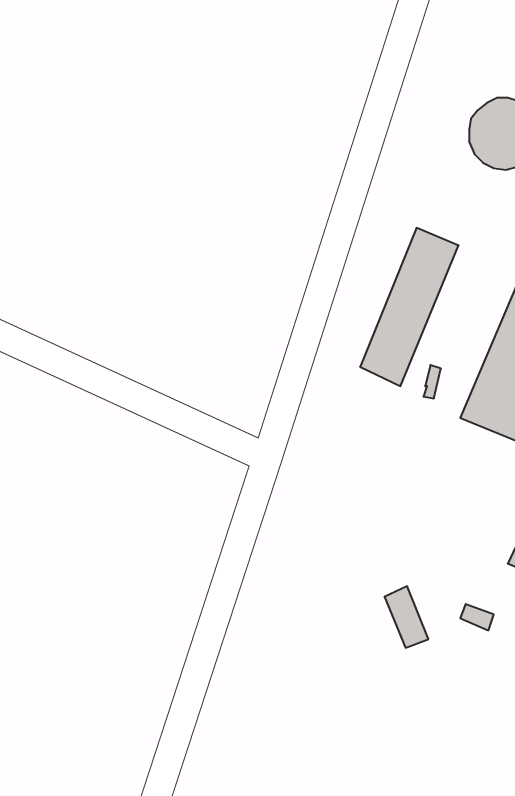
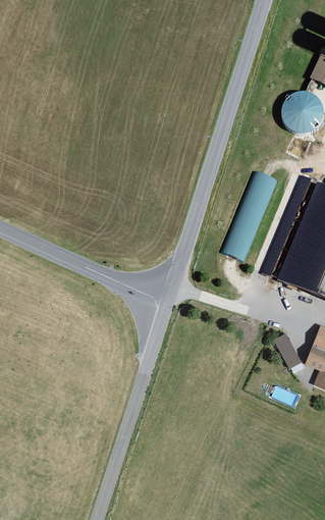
building: [384,586,428,648] -> [274,328,300,364]

